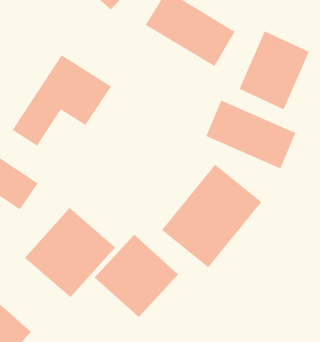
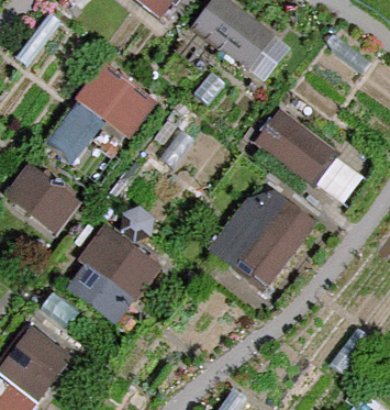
building: [239,31,310,110] -> none
building: [94,234,179,318] -> none

